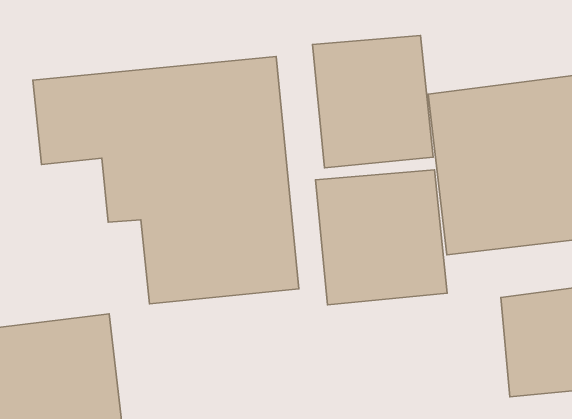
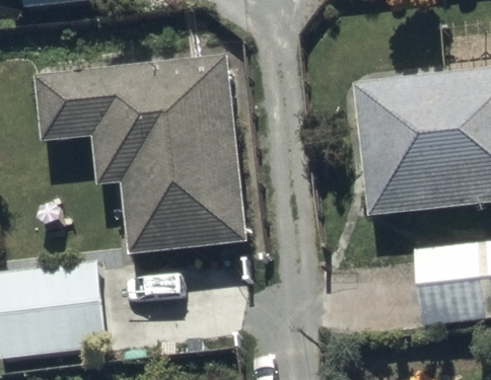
building: [313,36,433,168] -> none
building: [315,170,447,305] -> none

